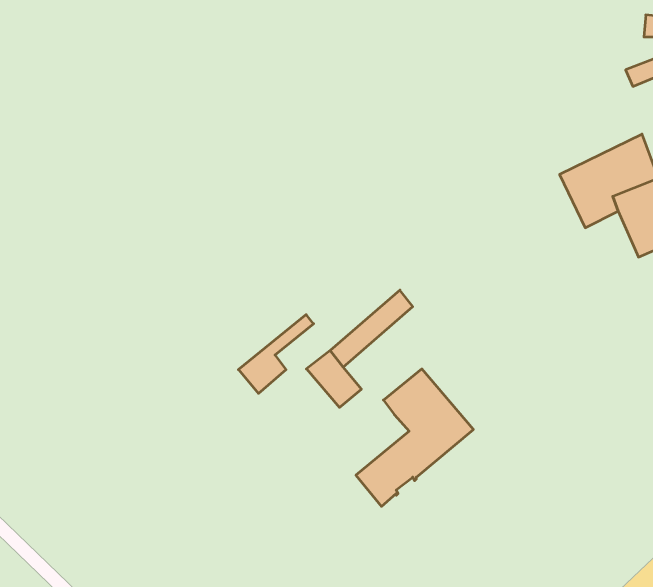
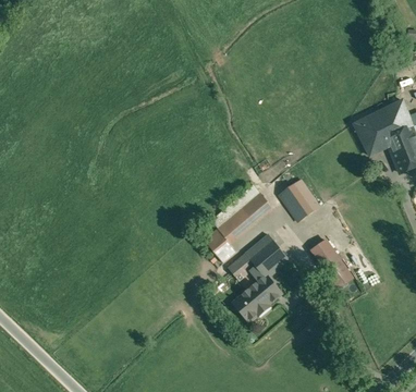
building: none -> [278,179,318,220]
building: [238,315,314,393] -> [227,233,271,280]
building: none -> [310,240,351,286]

